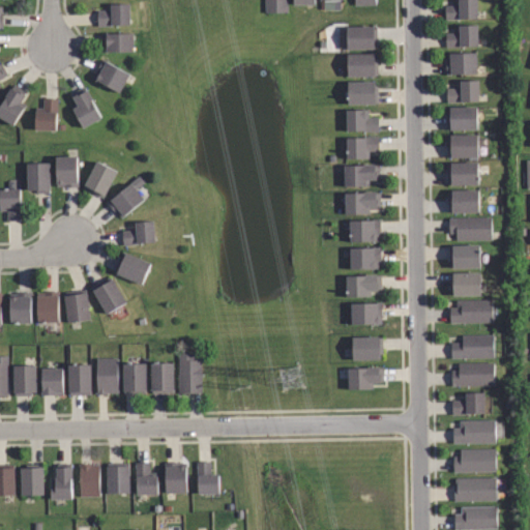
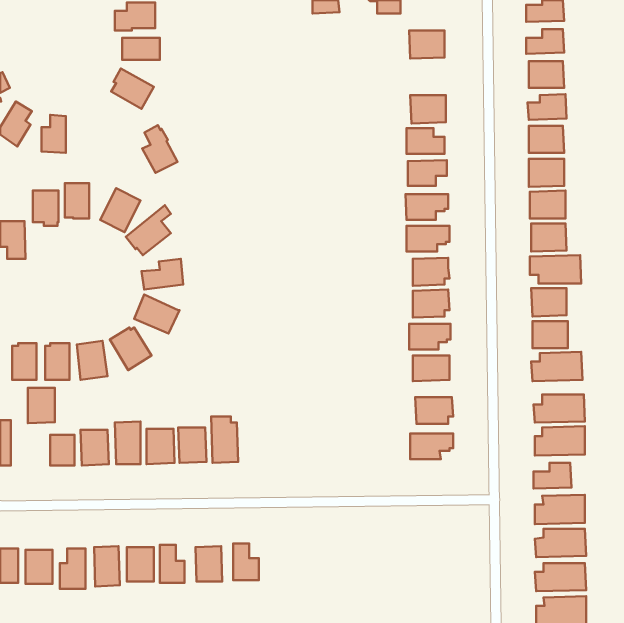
building: [348,54,378,78] -> none
building: [71,88,101,128] -> [142,125,178,173]
building: [14,366,37,396] -> [28,388,55,423]

